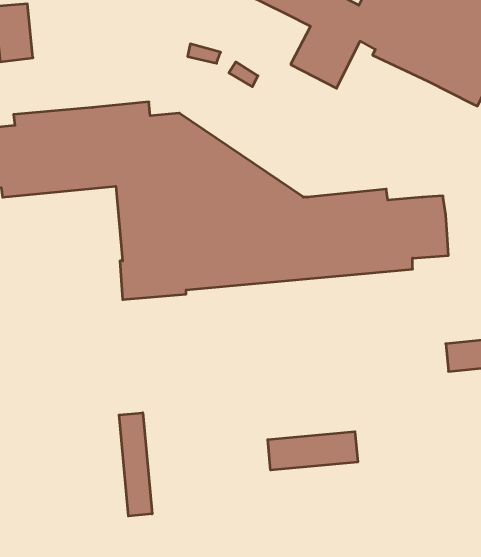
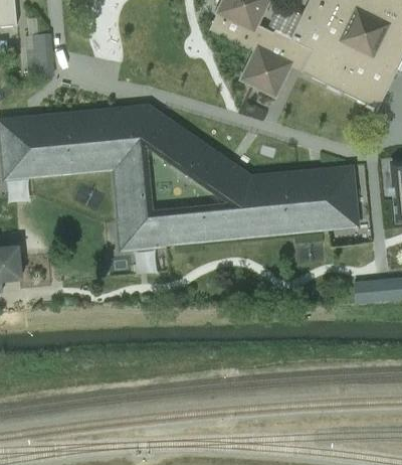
building: [119,413,152,516] -> none
building: [268,432,358,470] -> none

